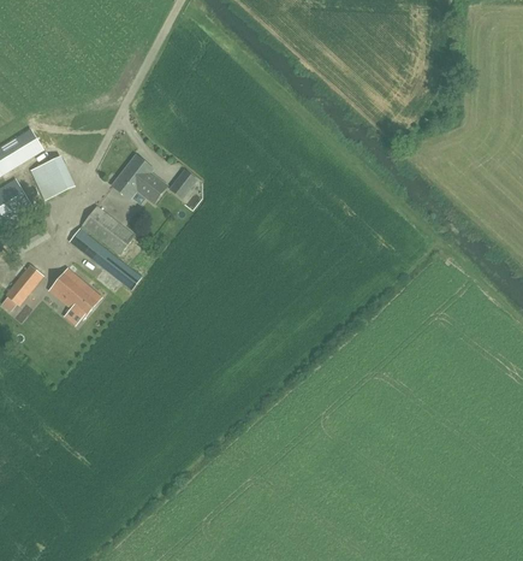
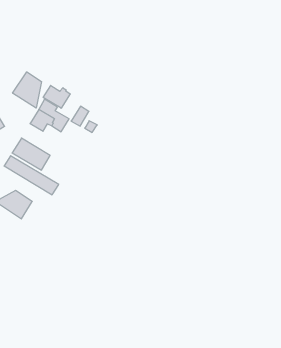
building: none -> [13,72,42,108]
building: none -> [43,85,70,108]

